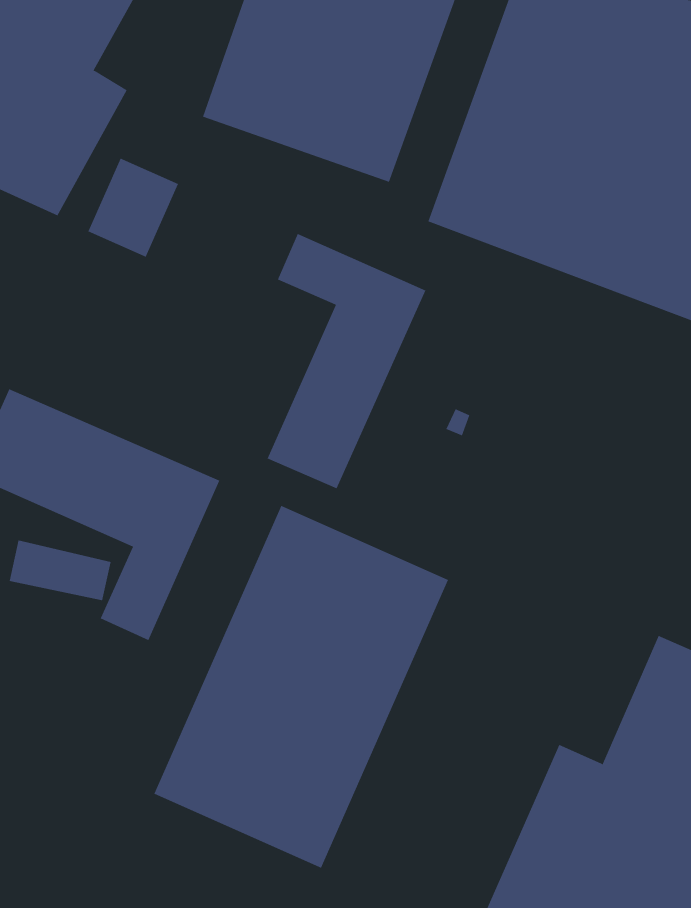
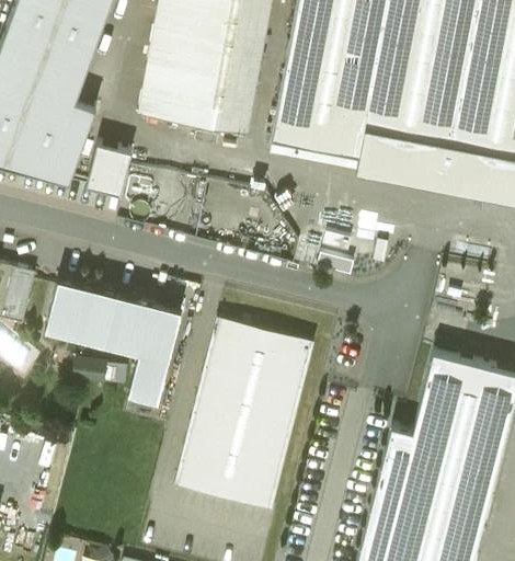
building: [267,233,426,489] -> none

